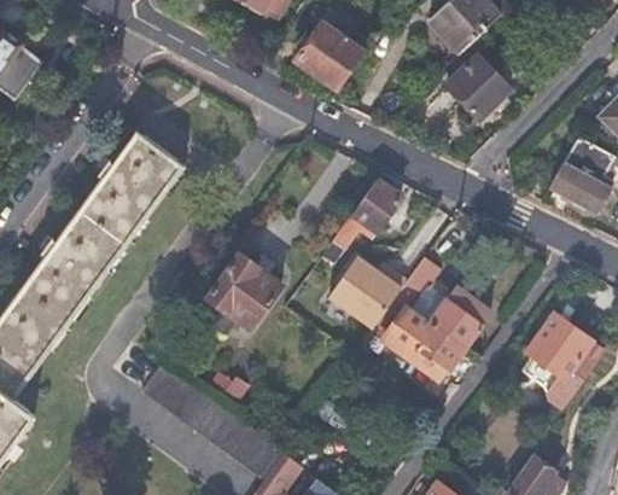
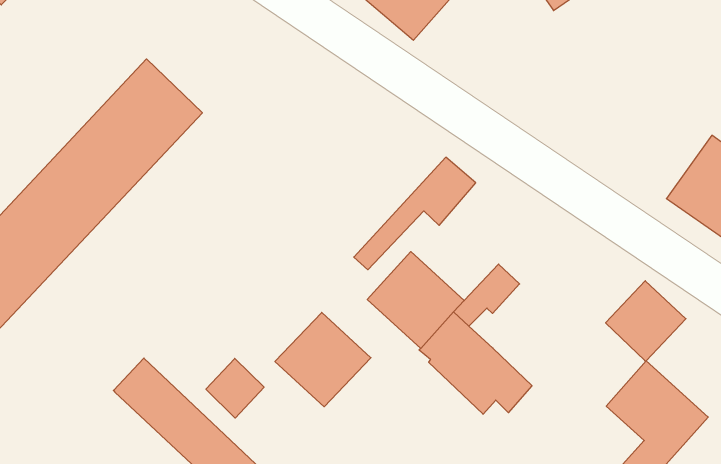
building: [442,51,509,118] -> none
building: [206,254,280,326] -> [275,312,371,407]
building: [428,284,490,345] -> [606,281,686,361]

